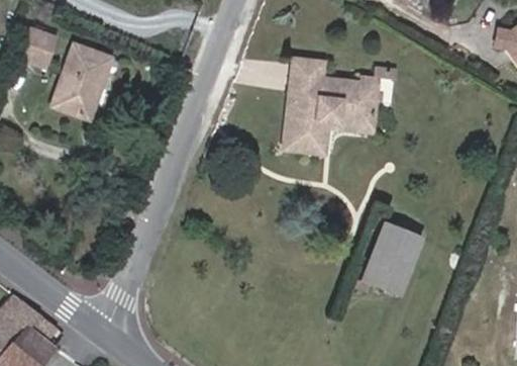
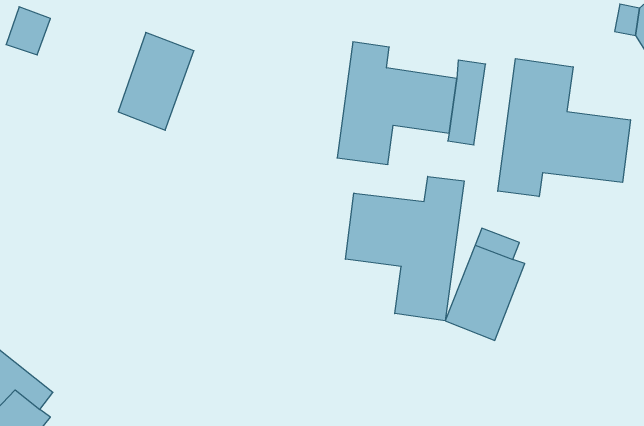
building: [53,44,111,120] -> [118,32,194,130]
building: none -> [498,59,630,197]
building: none -> [345,176,464,321]

